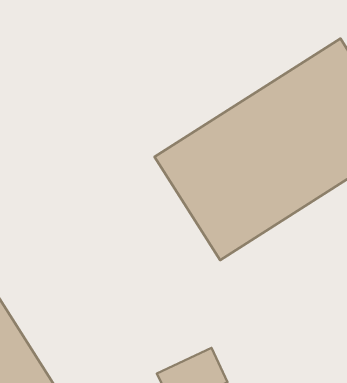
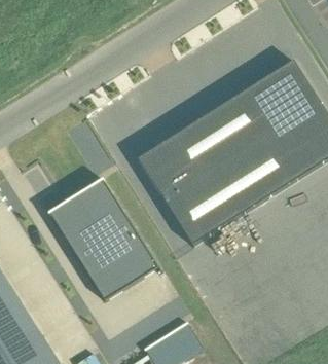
building: none -> [49,178,158,300]

